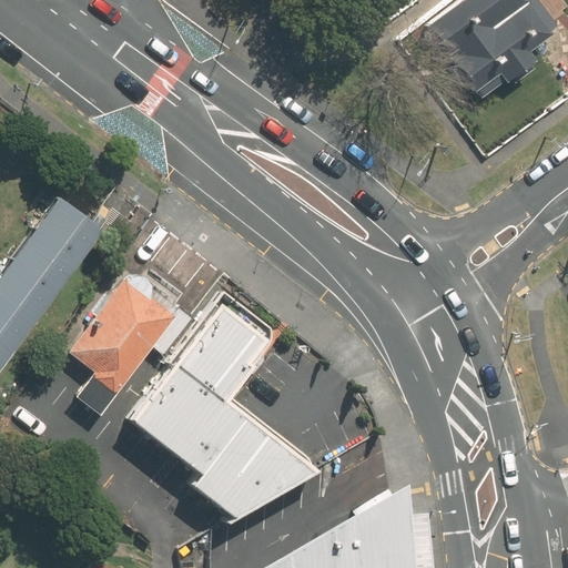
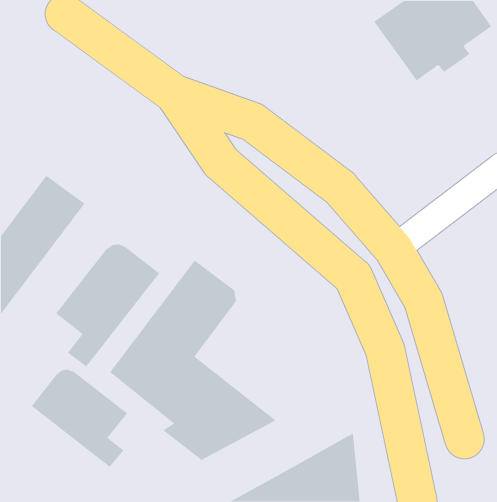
building: none -> [31,369,128,468]

